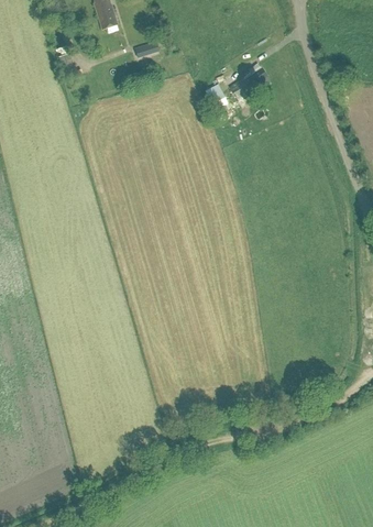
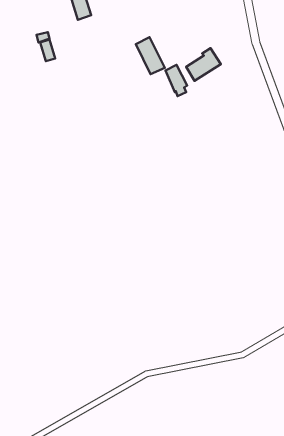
building: none -> [136,37,165,74]

